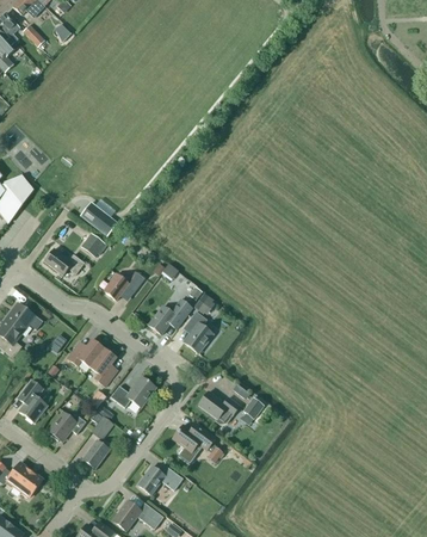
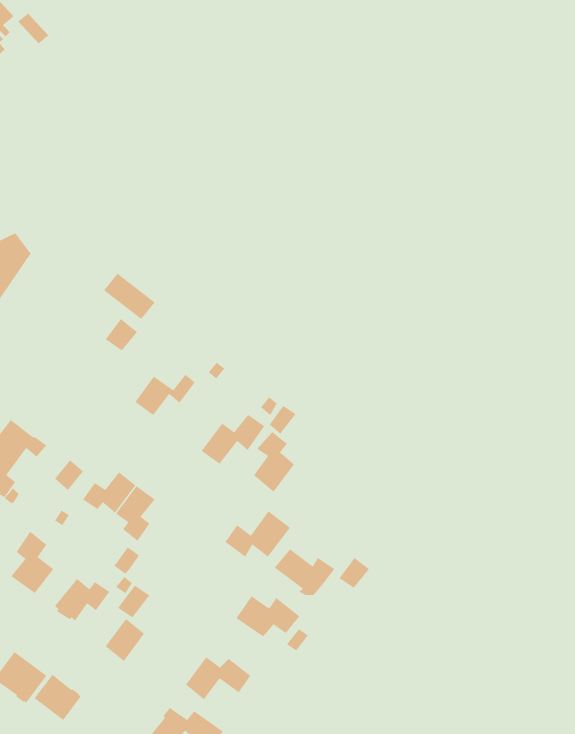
building: [44,248,85,276] -> none
building: [111,376,156,408] -> [224,510,291,558]
building: none -> [34,674,82,721]

